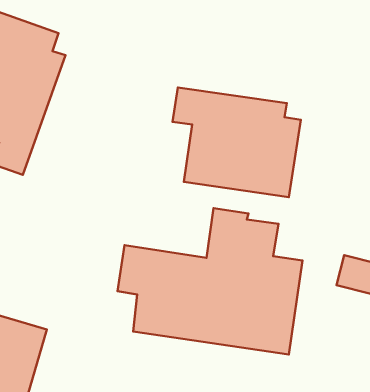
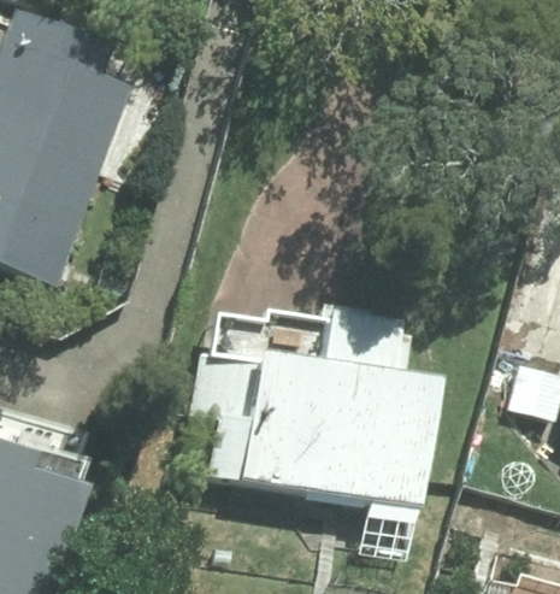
building: [173,87,301,197] -> none

